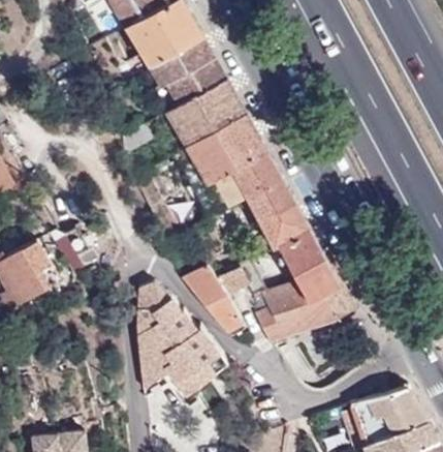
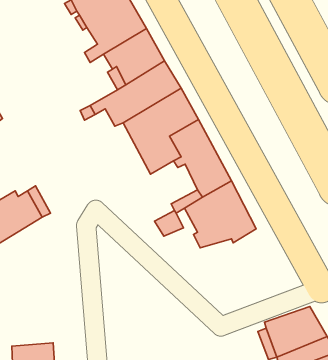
building: [182,265,243,332] -> none
building: [137,281,229,396] -> none
building: [254,287,354,344] -> none

